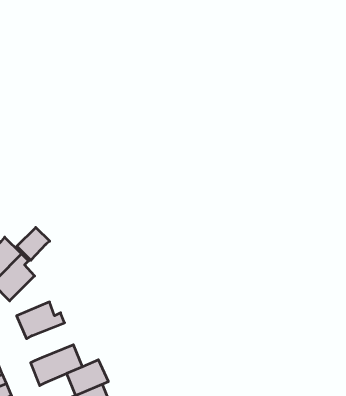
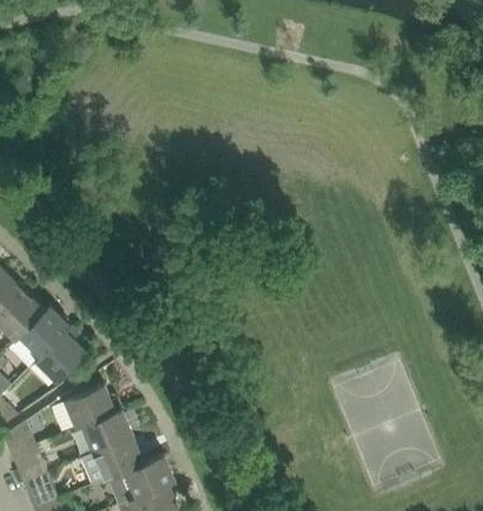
building: [17,227,50,260] -> none
building: none -> [81,410,132,453]

